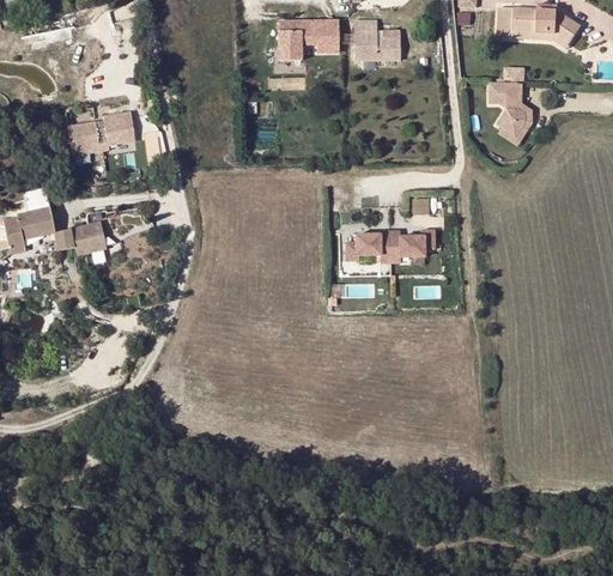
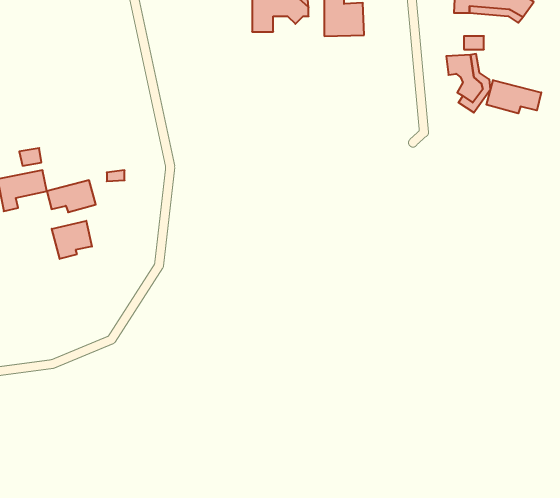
building: [72,108,139,165] -> none
building: none -> [486,80,541,113]
building: [344,228,432,261] -> none
building: none -> [52,221,92,259]

